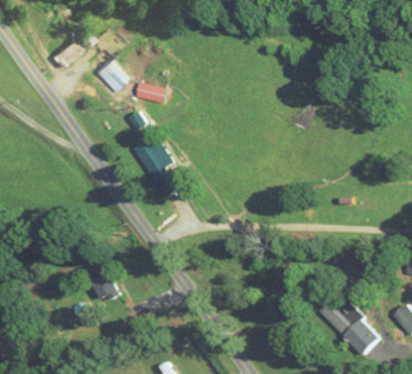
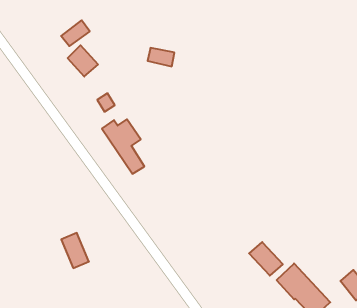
building: [48,39,80,68] -> [61,20,90,46]
building: [134,82,163,102] -> [148,48,174,66]
building: none -> [249,242,283,276]

